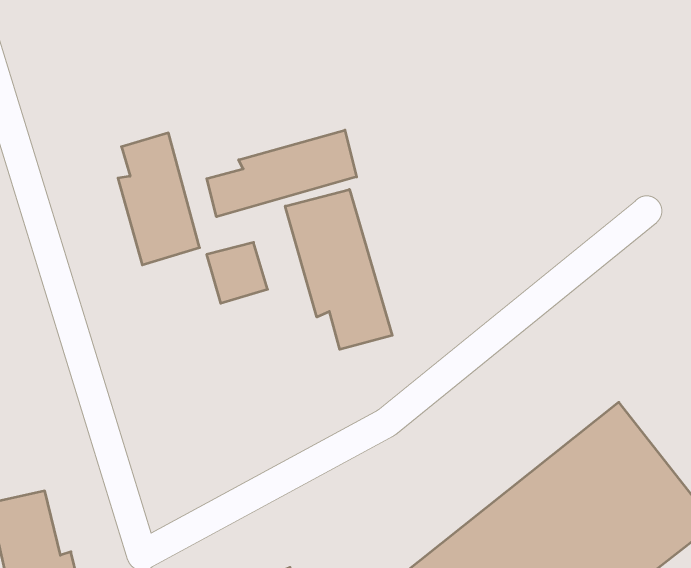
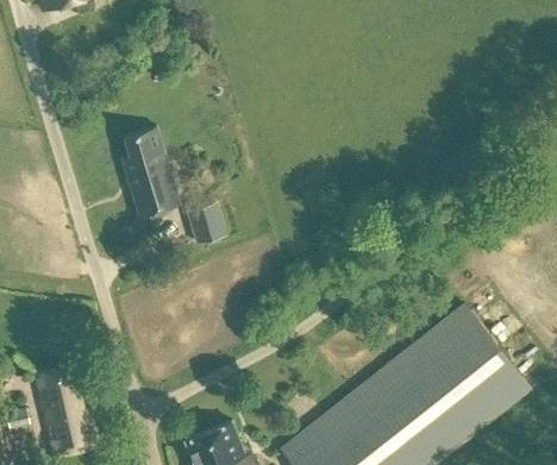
building: [207,130,357,217] -> none
building: [285,189,392,349] -> none

